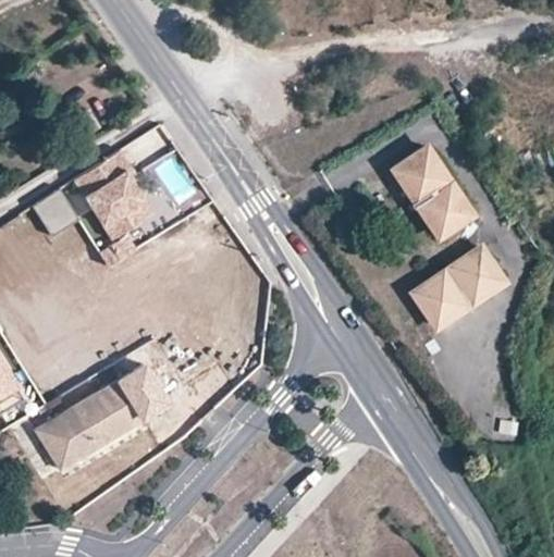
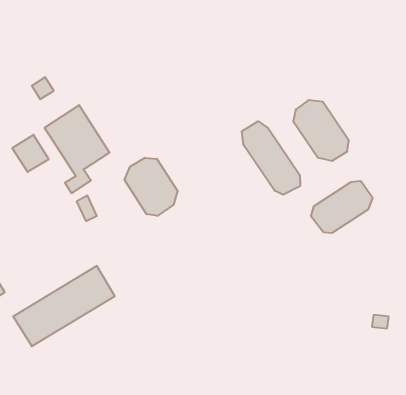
building: none -> [242,121,300,195]
building: none -> [125,158,178,216]

